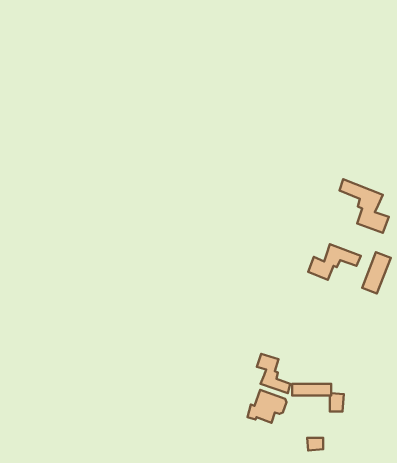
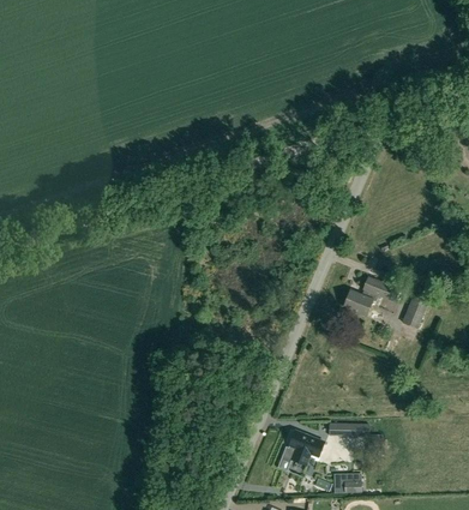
building: [339,179,389,233] -> none
building: [257,354,290,393] -> none

